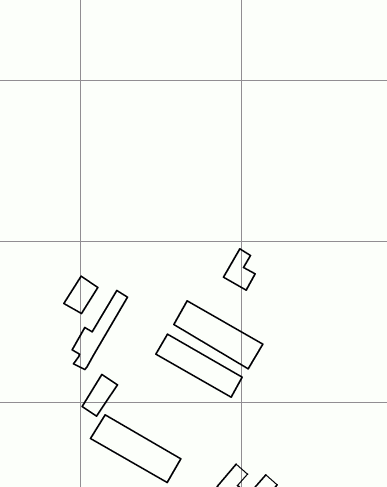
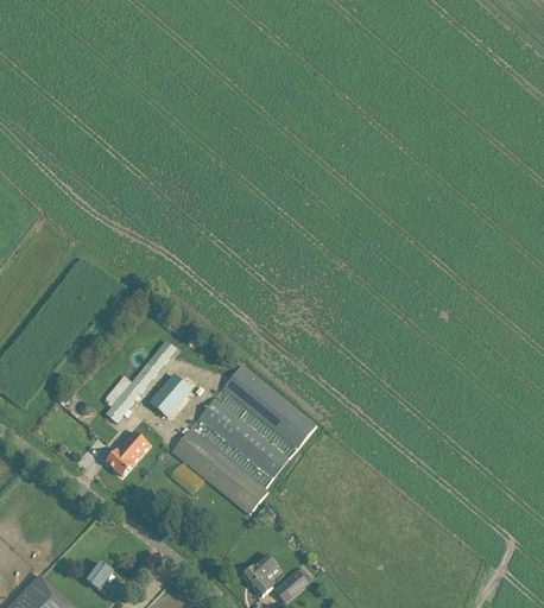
building: [224,249,255,290] -> none
building: [64,276,98,314] -> [148,375,189,417]
building: [91,415,181,482] -> [170,429,266,514]

